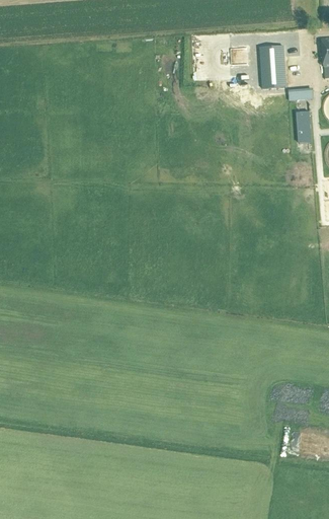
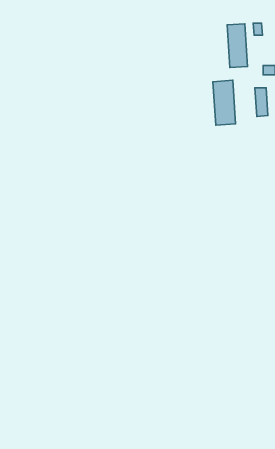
building: none -> [213,80,236,125]

